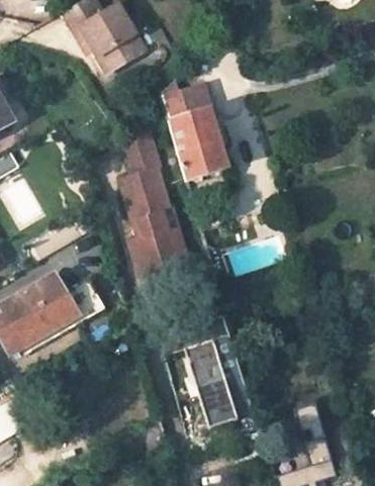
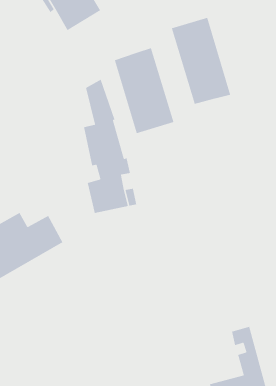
building: none -> [171,17,231,105]
building: [189,338,254,433] -> none

